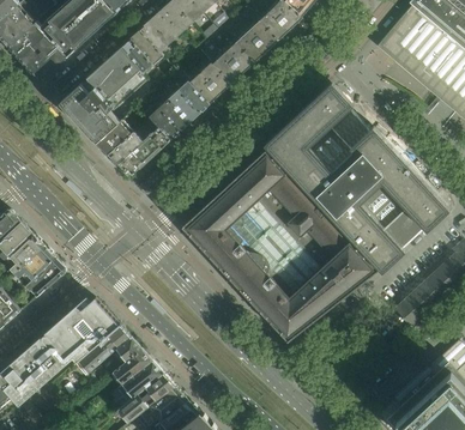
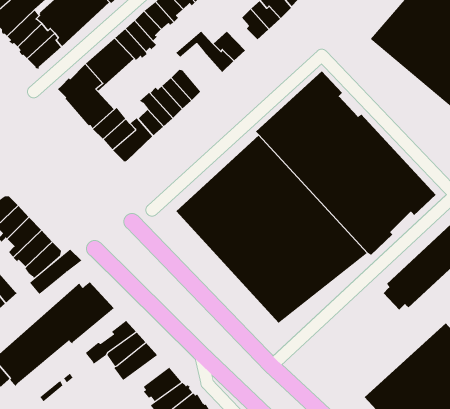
building: [224,16,266,62] -> none
building: [187,63,230,104] -> none
building: [78,326,132,373] -> [29,249,82,294]
building: [116,374,176,423] -> none

